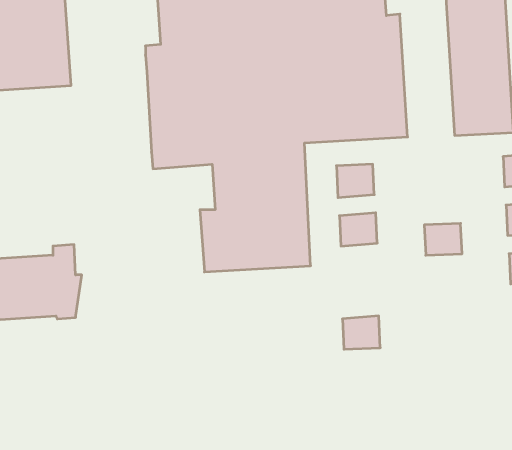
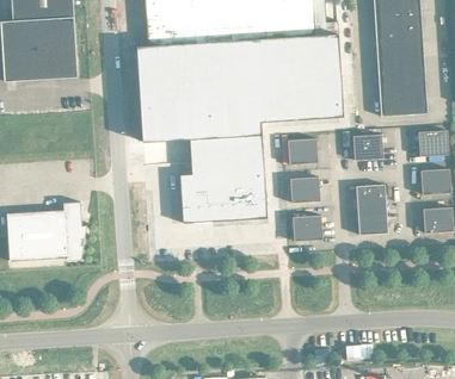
building: none -> [353,135,383,160]
building: none -> [358,209,388,235]
building: [342,316,380,349] -> [293,215,322,241]

